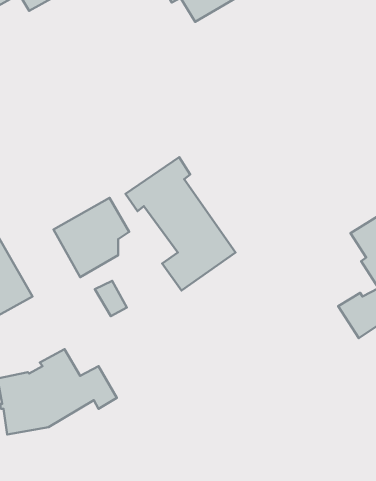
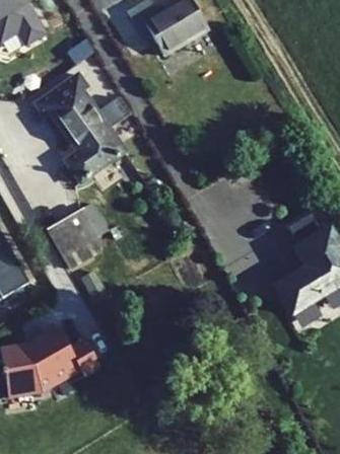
building: [125,157,235,290] -> [35,73,126,183]

